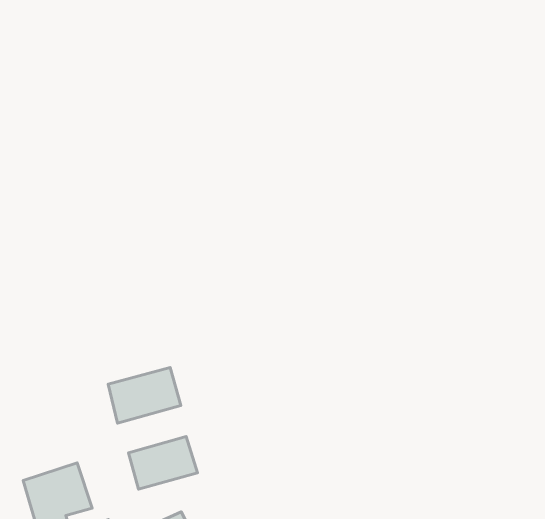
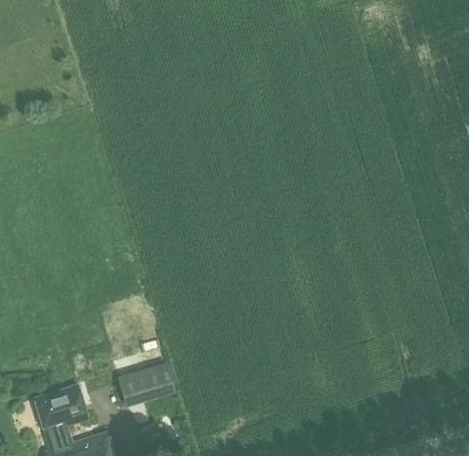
building: [108,367,181,423] -> none

